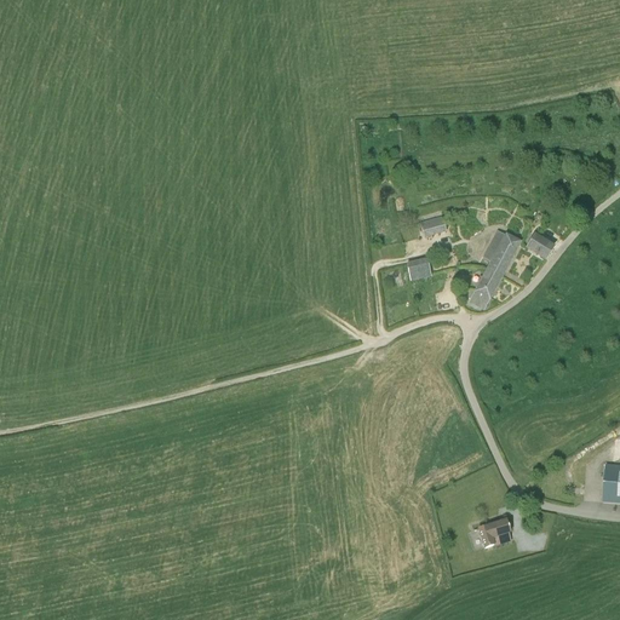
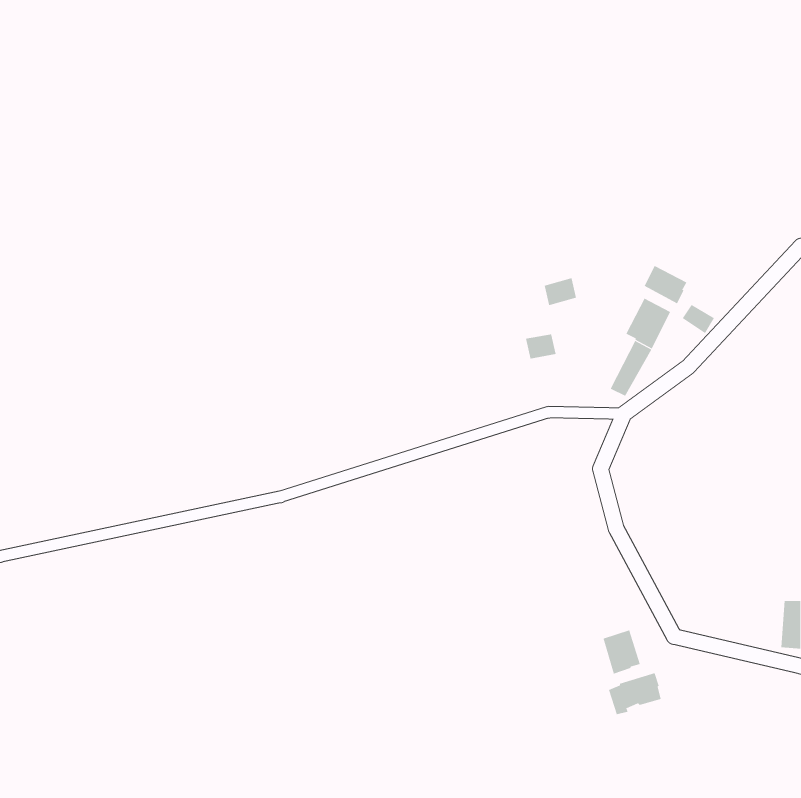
building: none -> [644,265,687,304]
building: none -> [603,630,640,674]

